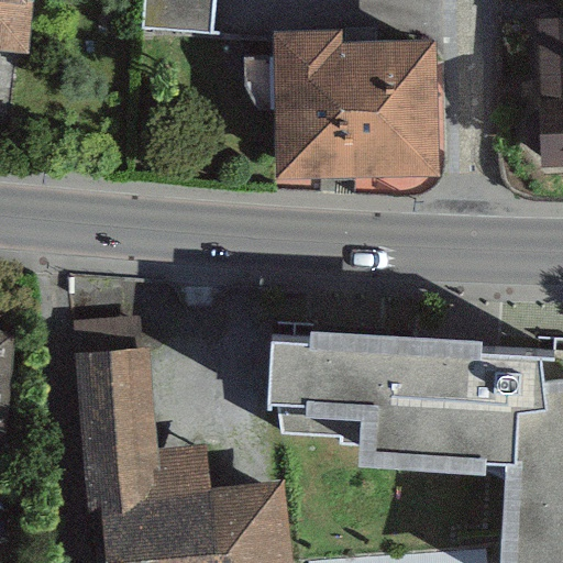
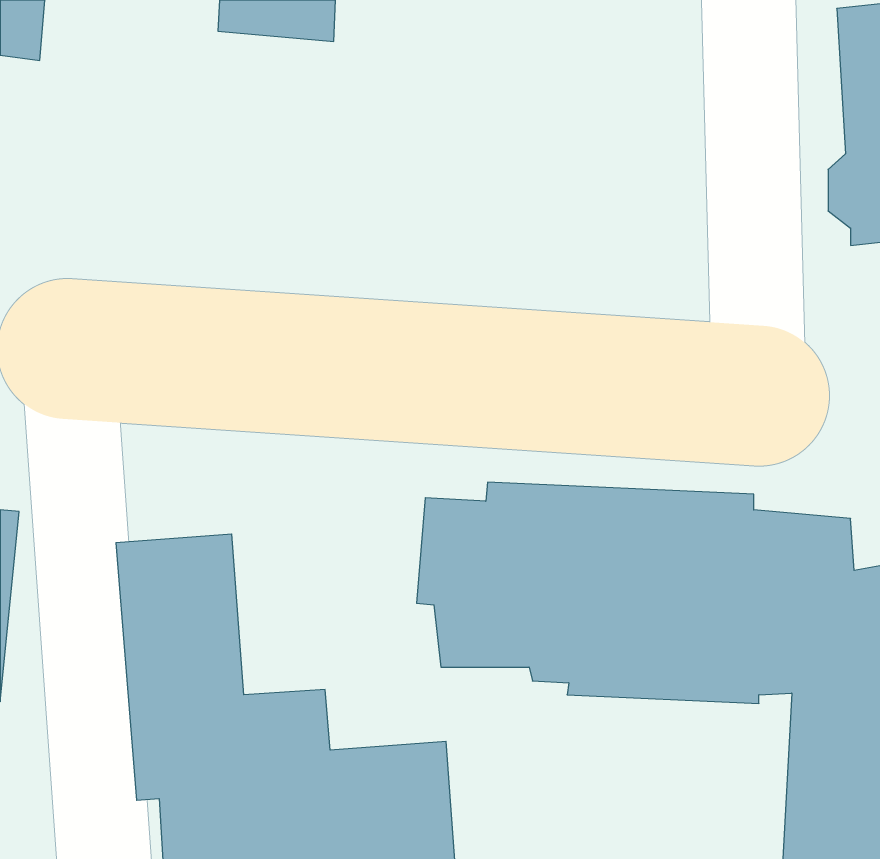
building: [272,32,439,177] -> none

